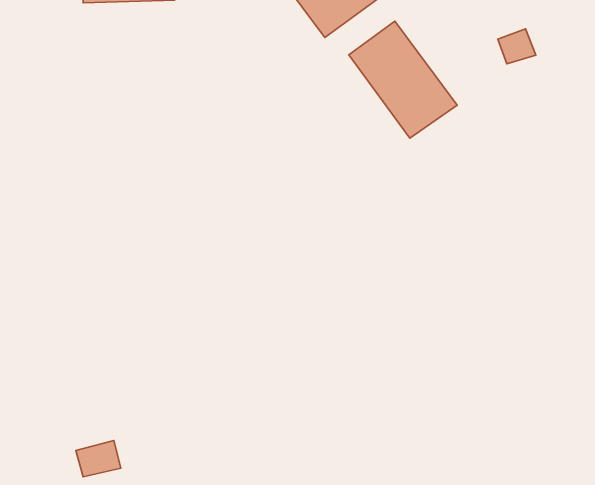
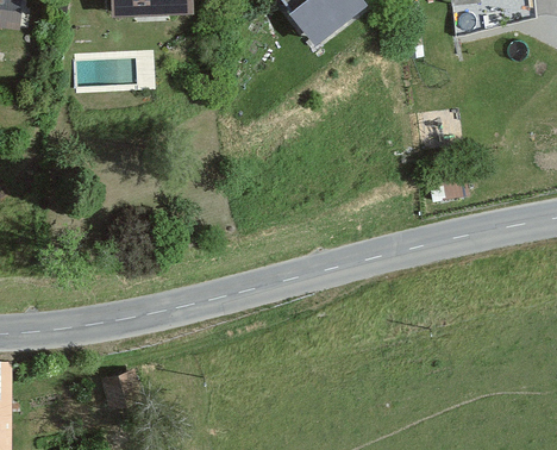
building: [349,21,457,138] -> none

